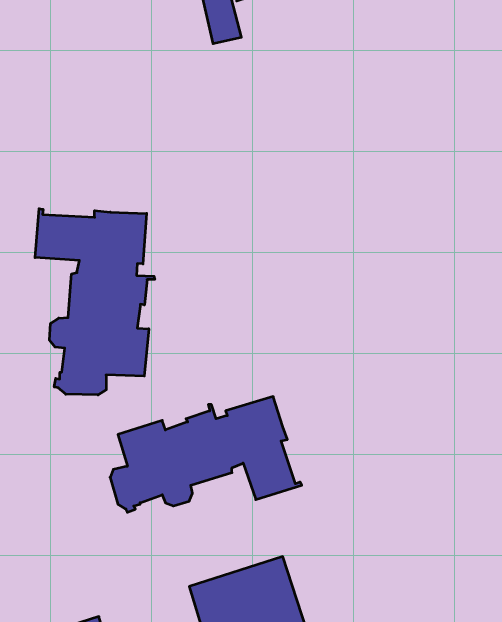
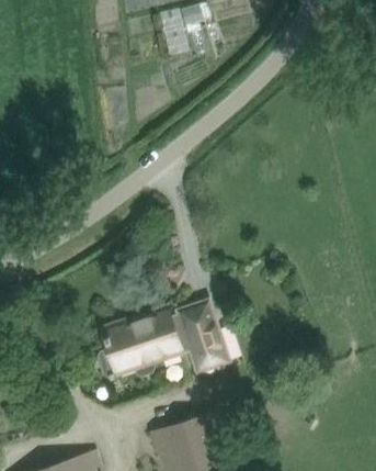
building: [35,209,155,395] -> none

